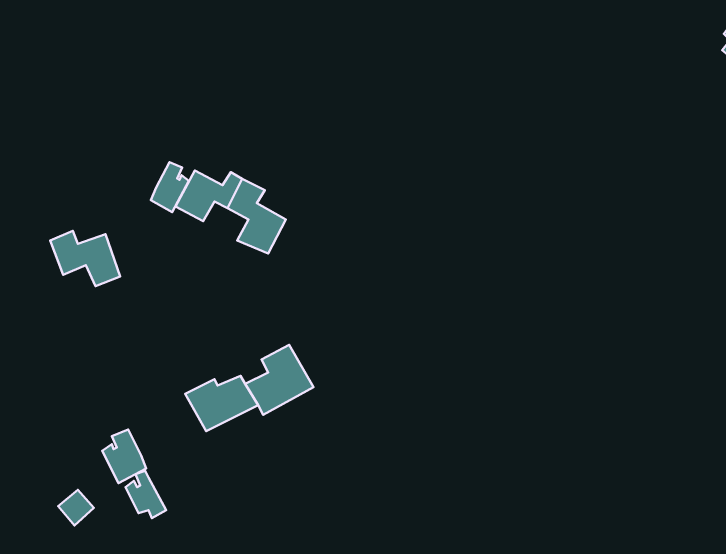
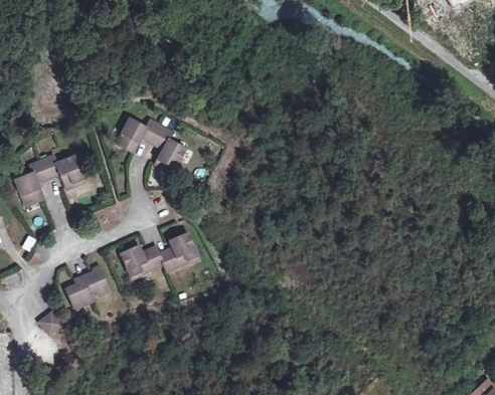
building: [151,162,189,212] -> none
building: none -> [13,161,45,207]
building: [126,471,166,518] -> [86,267,111,297]

